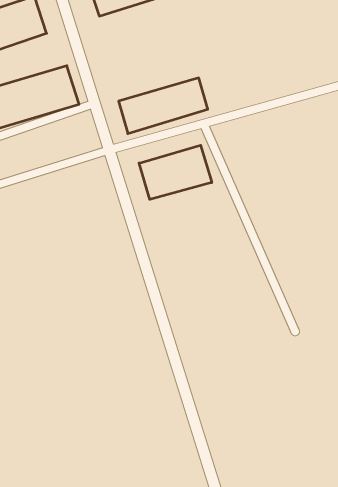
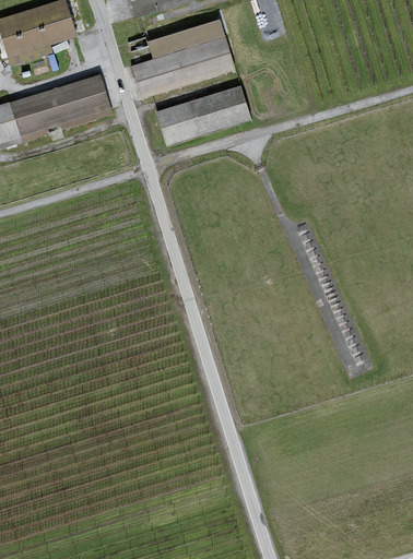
building: none -> [130,20,236,99]
building: [139,145,212,199] -> none

